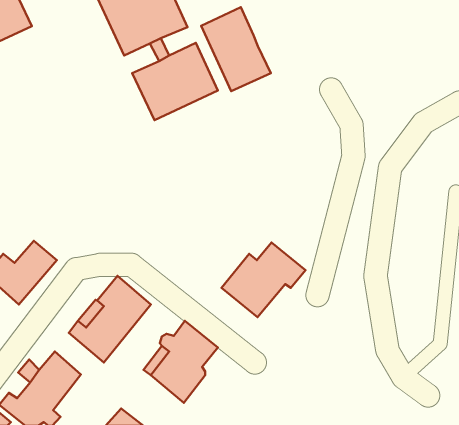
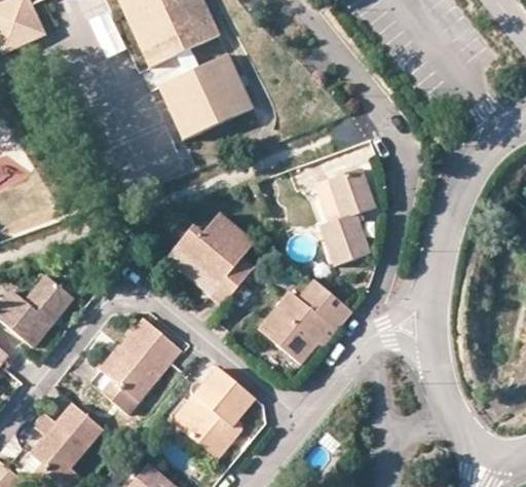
building: [201,7,271,91] -> none
building: none -> [313,164,375,263]
building: none -> [175,212,253,303]

